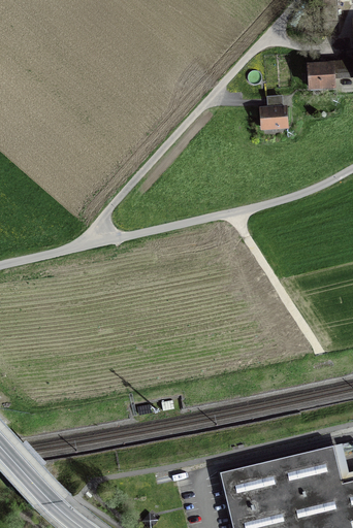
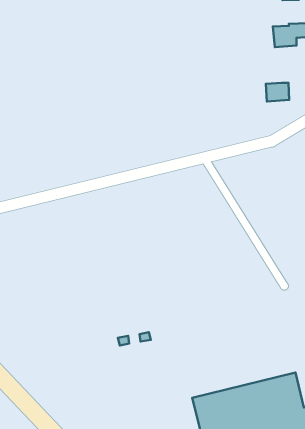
building: [260,108,286,129] -> [266,83,289,102]

